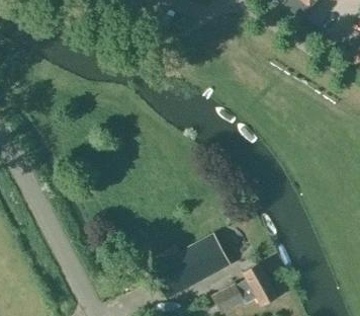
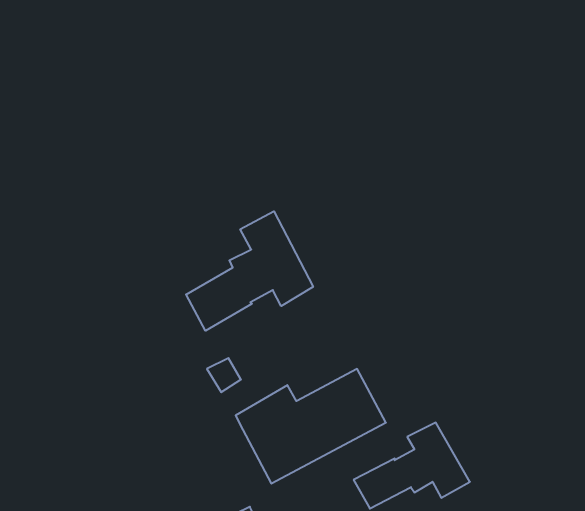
building: none -> [186,211,313,331]

